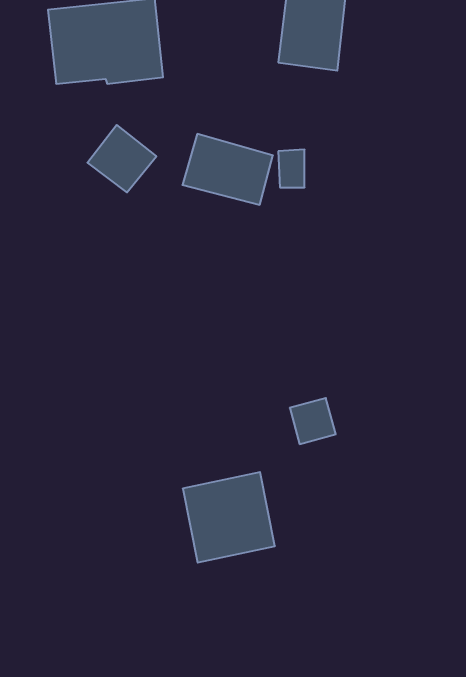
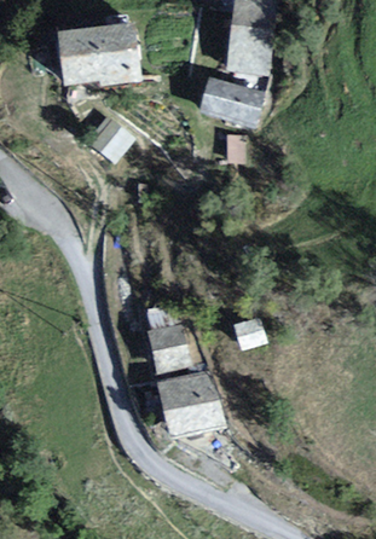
building: [182,134,273,205] -> [198,75,265,127]
building: none -> [146,321,192,375]

